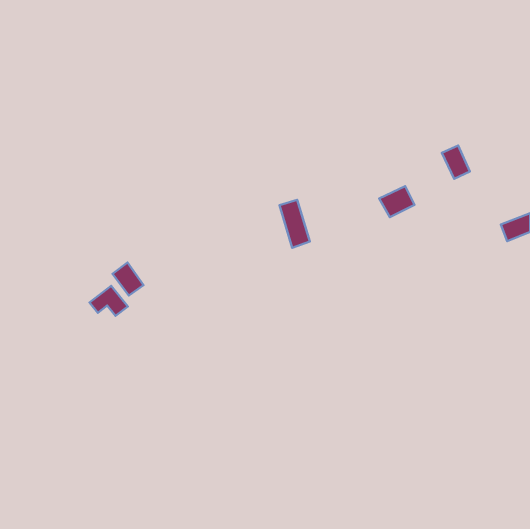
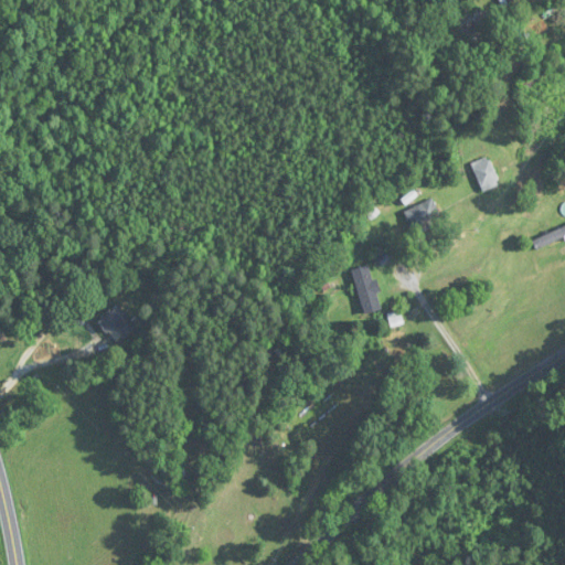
building: [280,200,310,248] -> [350,263,382,313]
building: [112,263,143,296] -> none

